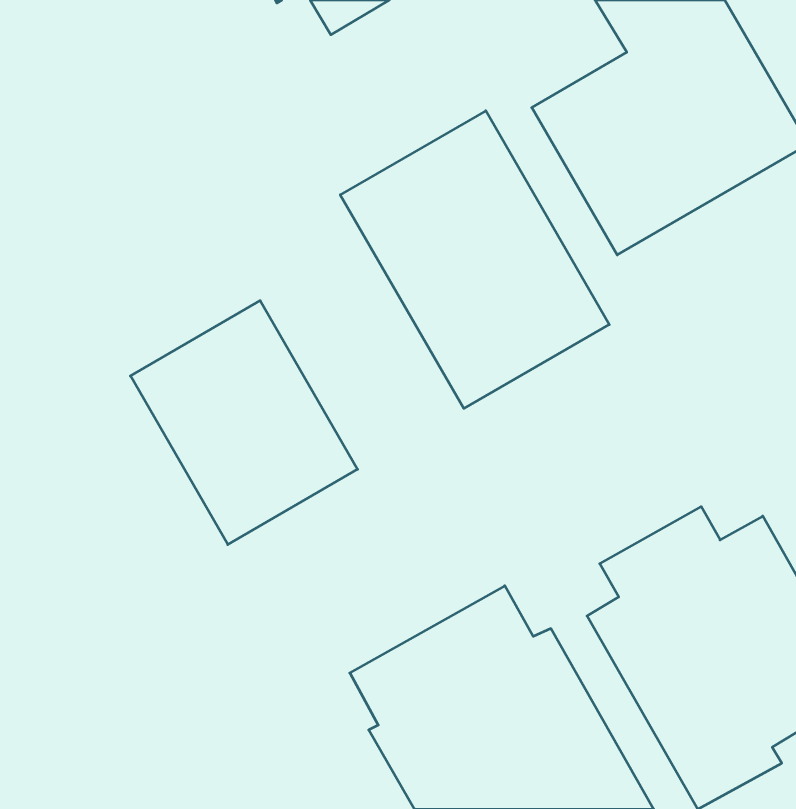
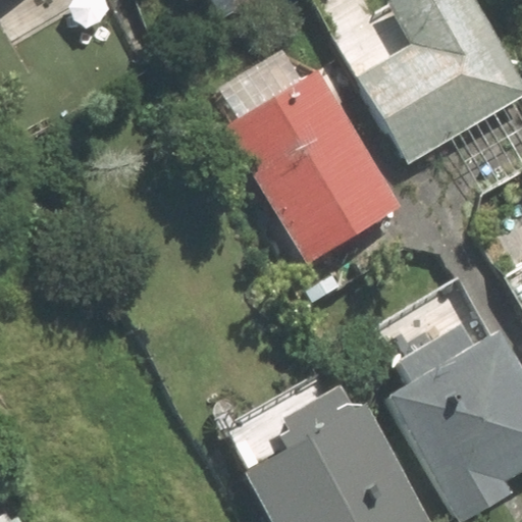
building: [130,301,358,545] -> none

